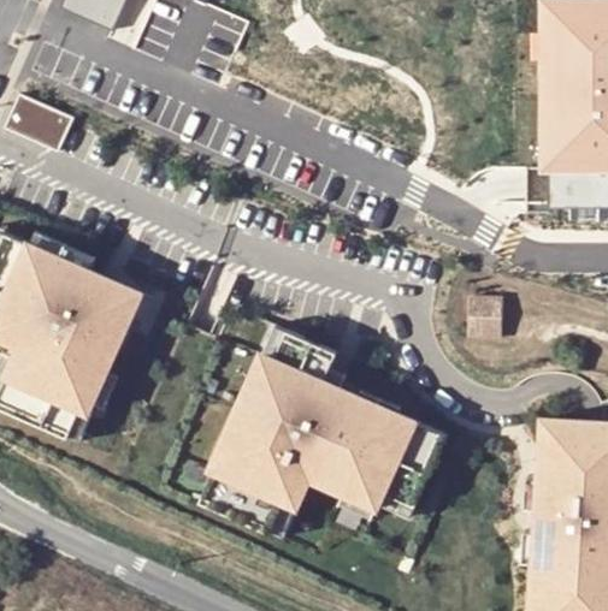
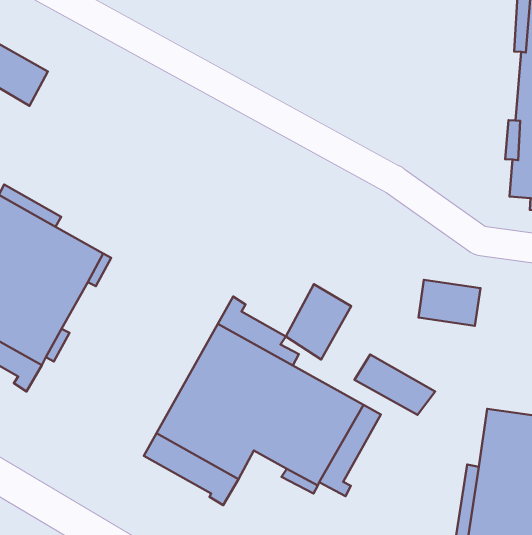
building: none -> [286,284,351,360]
building: none -> [355,354,435,415]

